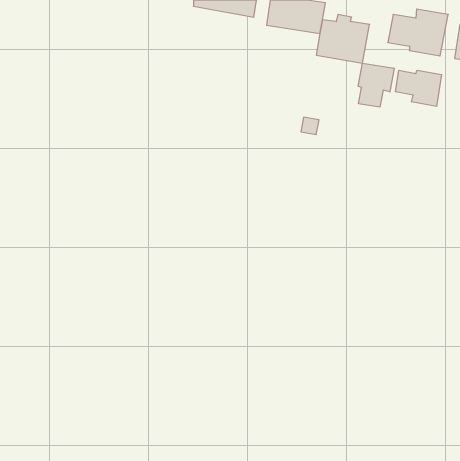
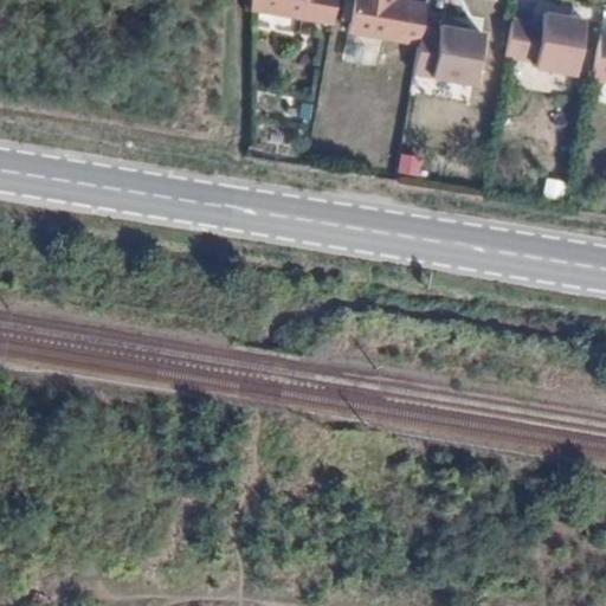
building: [358,63,394,107] -> none
building: [395,70,442,106] -> none

